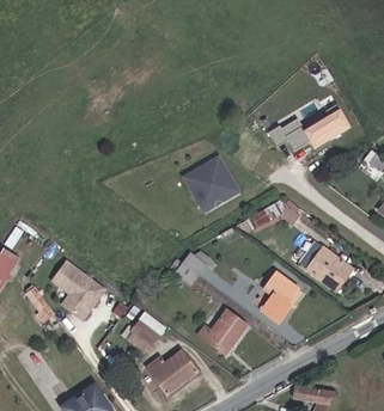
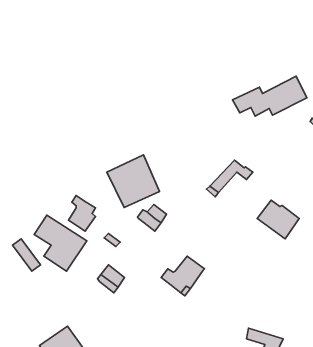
building: [188,154,246,213] -> [107,155,160,208]
building: none -> [69,196,96,231]
building: [256,266,294,317] -> none
building: [147,346,196,393] -> none

